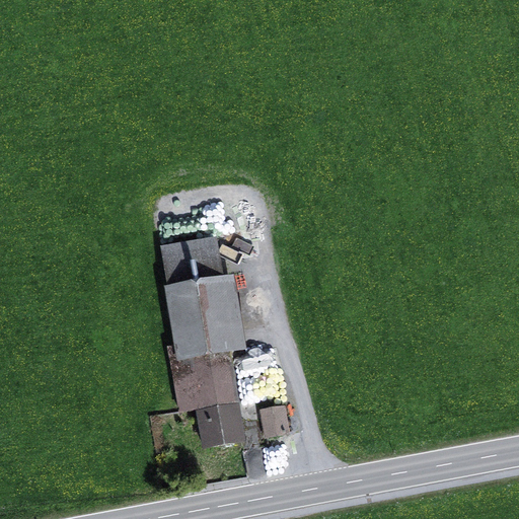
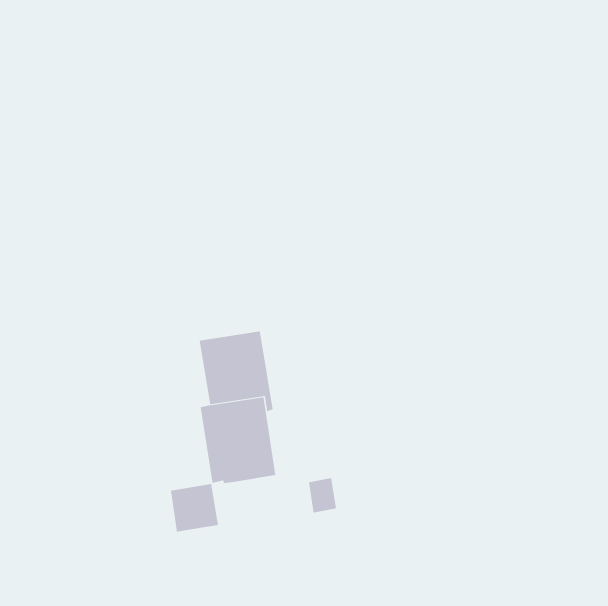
building: [162,241,222,290] -> none
building: [200,404,241,446] -> [170,483,219,532]

